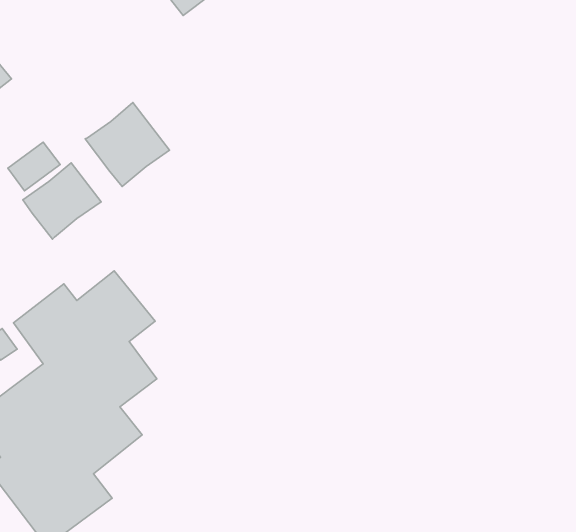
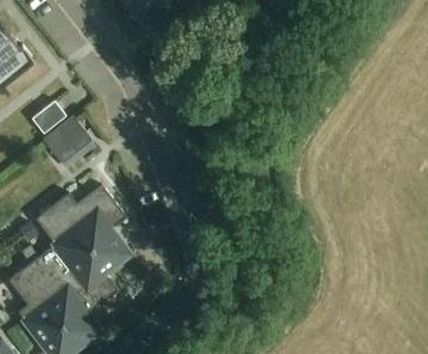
building: [85,103,170,187] -> none

